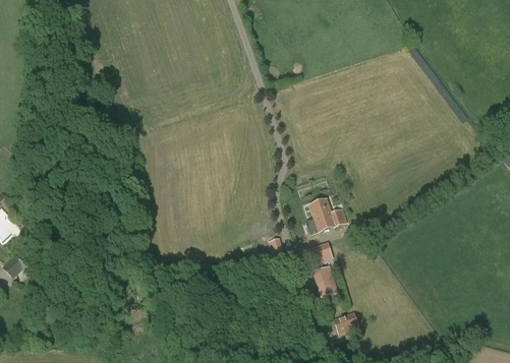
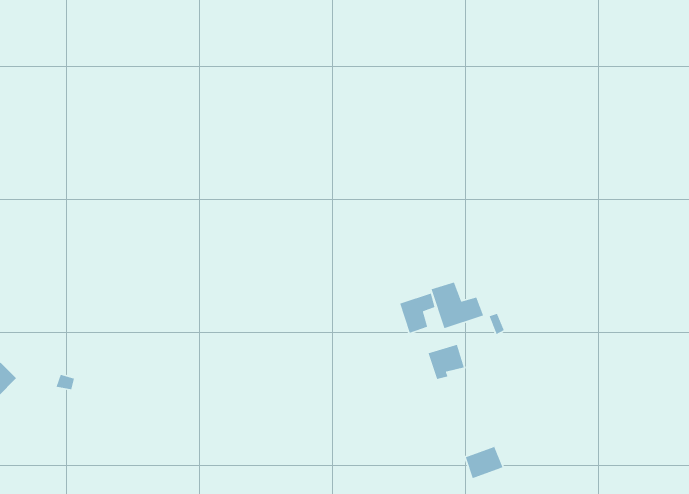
building: none -> [399,293,436,334]
building: [311,265,337,297] -> none

